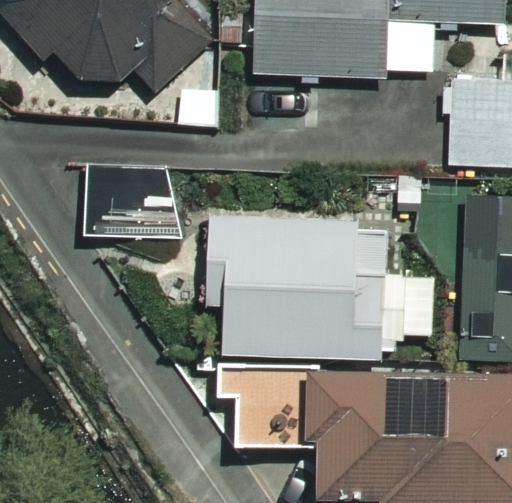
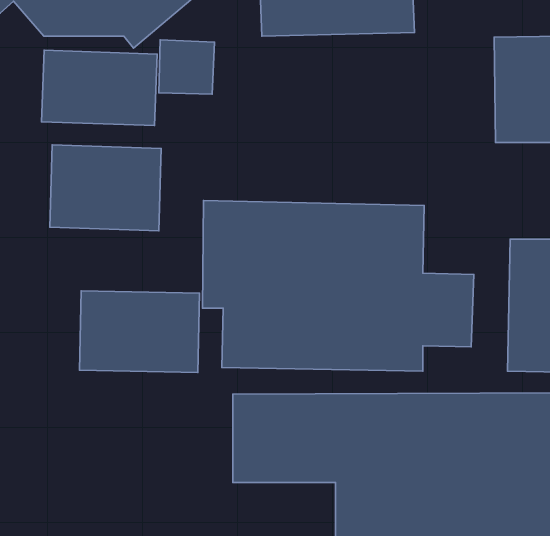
building: none -> [41,50,157,125]
building: none -> [79,291,200,372]

